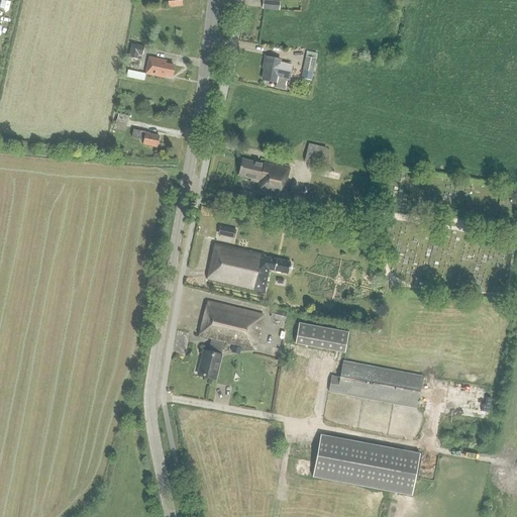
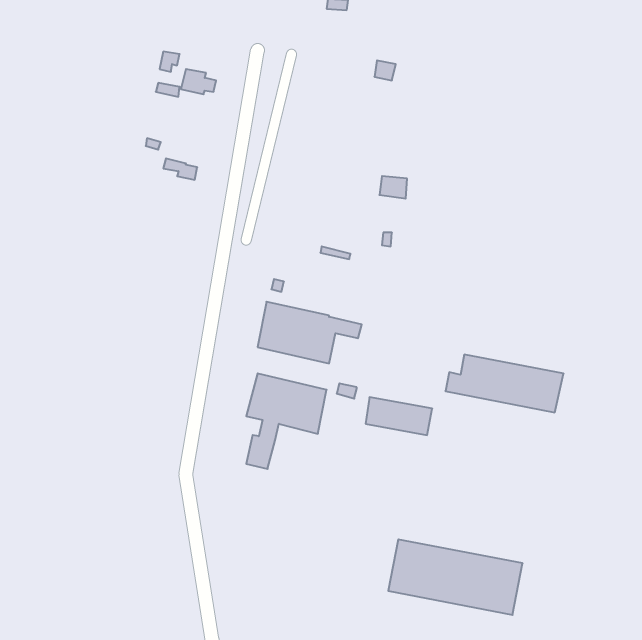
building: [263,55,292,88] -> none
building: [238,157,290,197] -> none
building: [328,360,423,407] -> [445,355,564,412]

